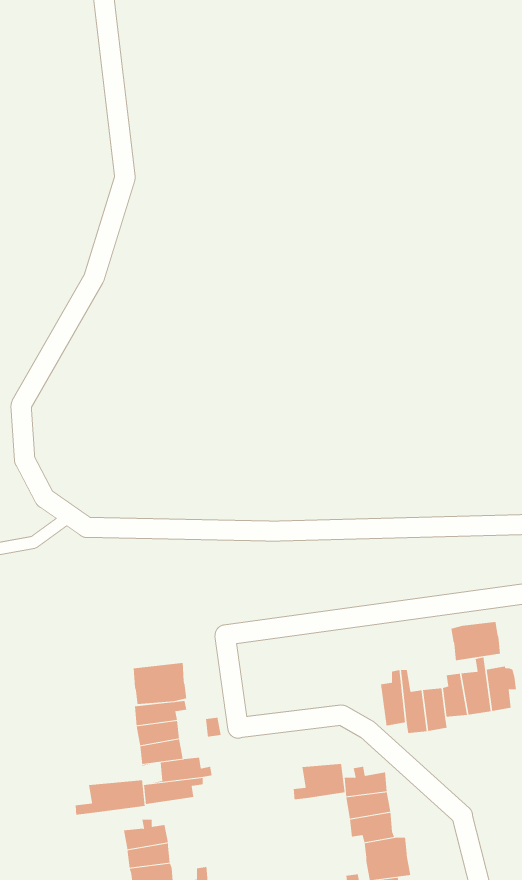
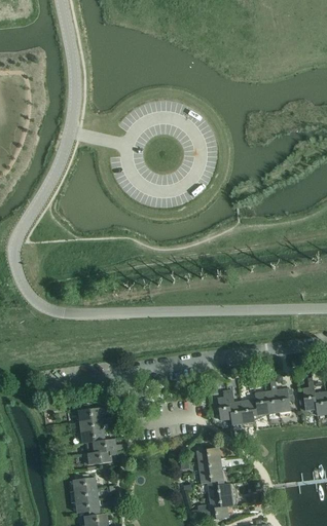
building: [451,621,501,661] -> none
building: [133,662,187,705] -> none
building: [293,763,345,800] -> none
building: [75,779,145,815] -> none

